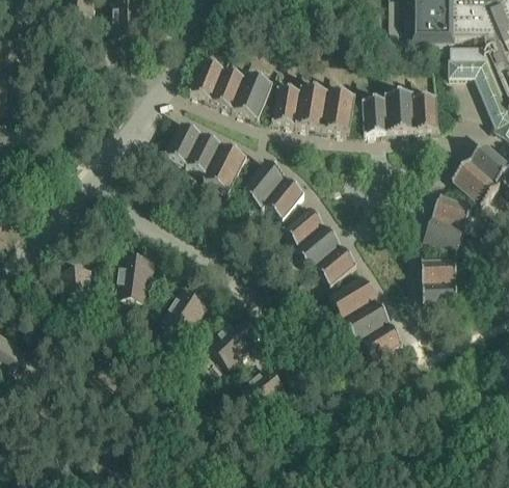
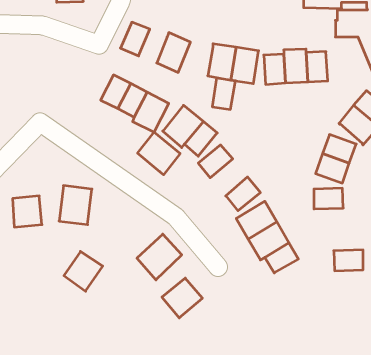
building: [211,65,245,106] -> none
building: [272,84,300,121] -> [212,78,236,109]
building: none -> [138,132,180,175]
building: [294,221,342,269] -> none
building: [422,280,457,305] -> [334,250,363,271]
building: [162,287,209,334] -> [64,251,103,291]

